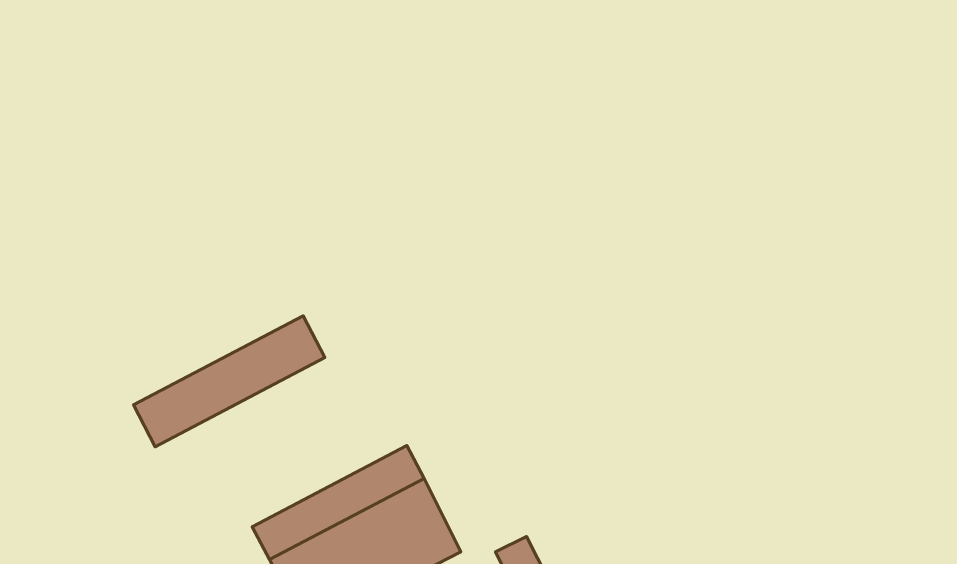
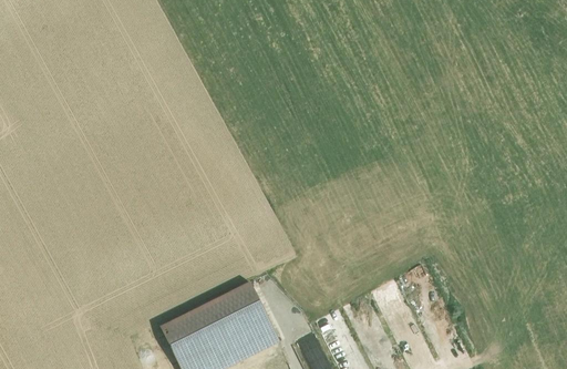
building: [133,316,325,447] -> none

